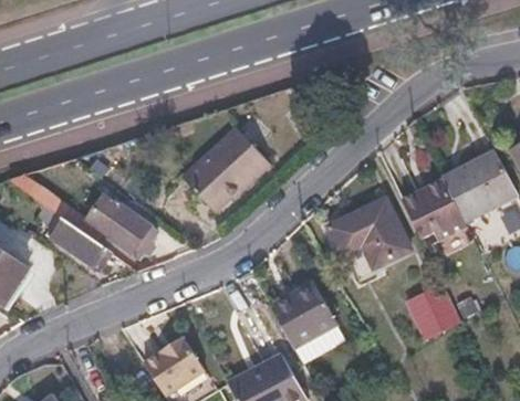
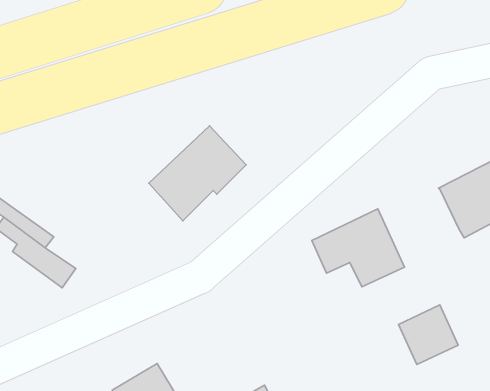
building: [403,180,460,238] -> none
building: [103,204,158,257] -> none
building: [270,283,337,348] -> none

